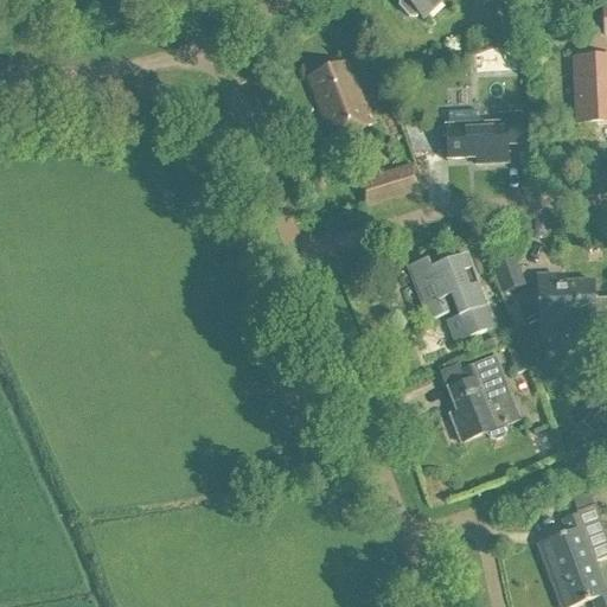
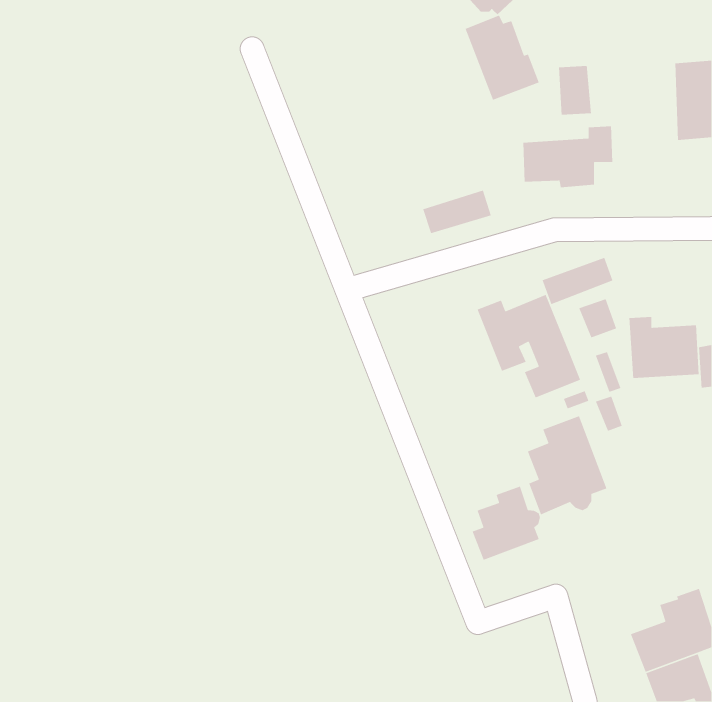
building: none -> [558,65,592,116]
building: [308,60,372,134] -> [465,15,540,101]
building: none -> [541,257,613,305]
building: none -> [472,486,541,561]

